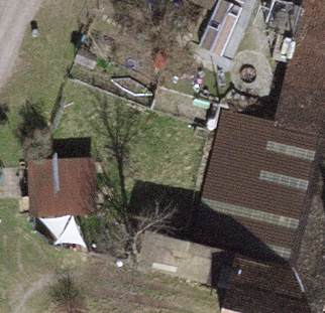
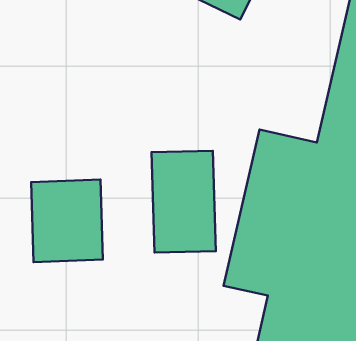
building: none -> [152,151,216,252]

